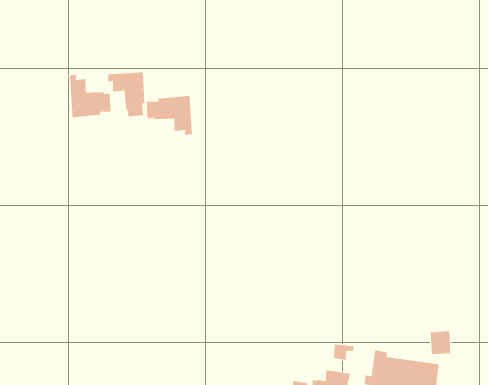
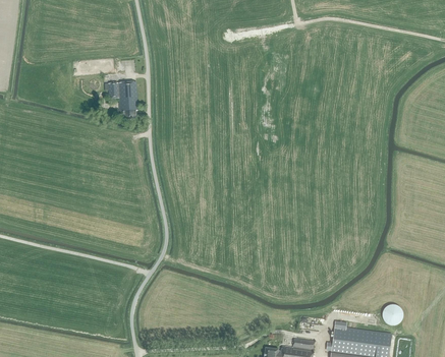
building: [69,74,111,118] -> none
building: [146,95,192,136] -> none

